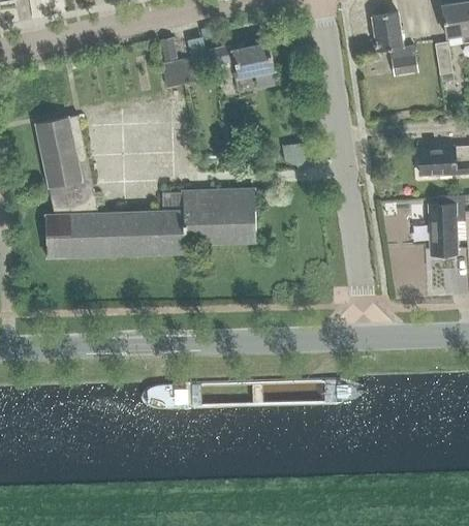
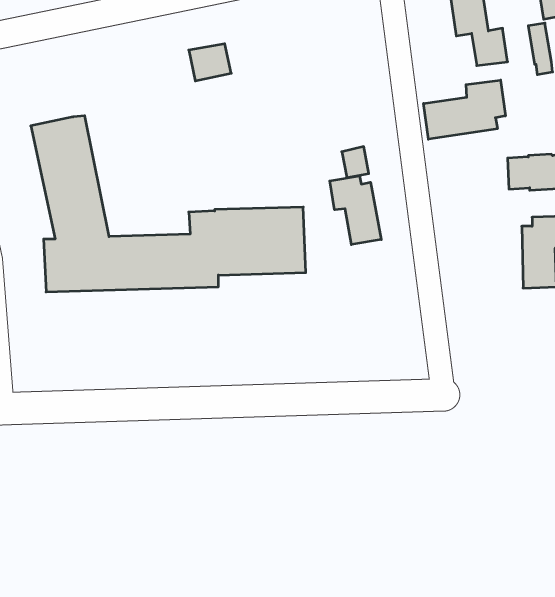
building: [209,43,274,78] -> none
building: none -> [424,80,505,139]
building: none -> [330,176,381,245]

